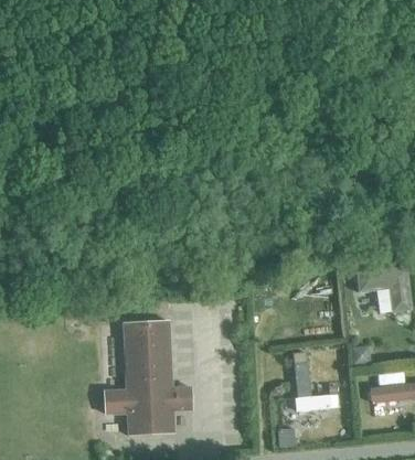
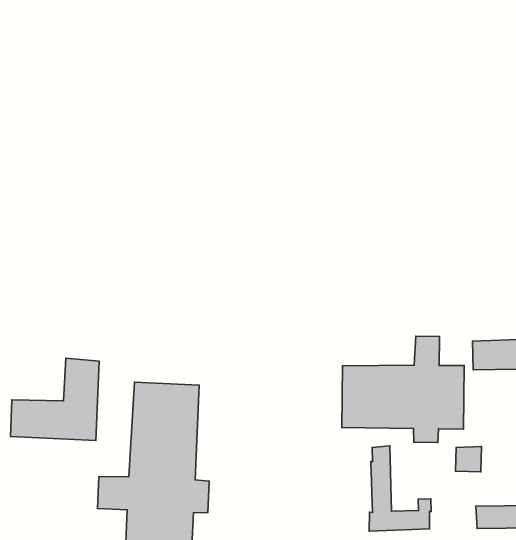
building: none -> [342,336,464,442]
building: none -> [11,358,99,440]

